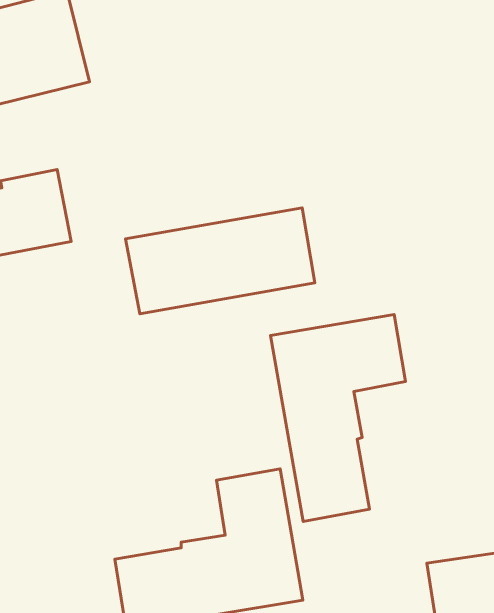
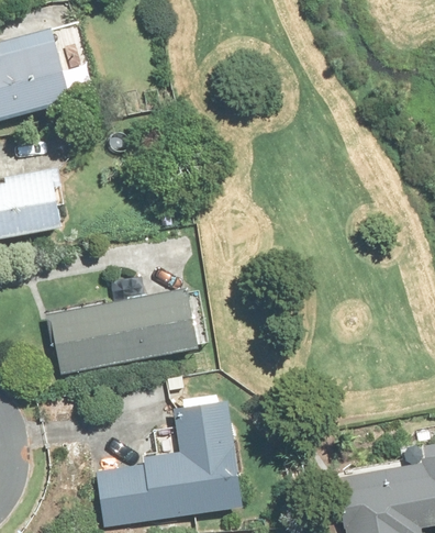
building: [126,208,315,314] -> [49,289,197,371]
building: [271,314,405,522] -> none

